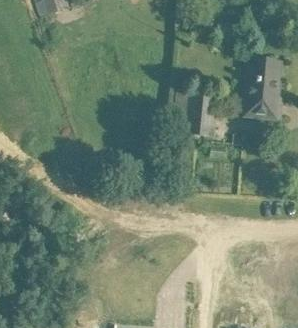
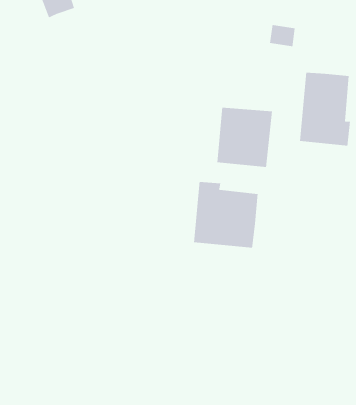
building: none -> [194,181,258,249]

